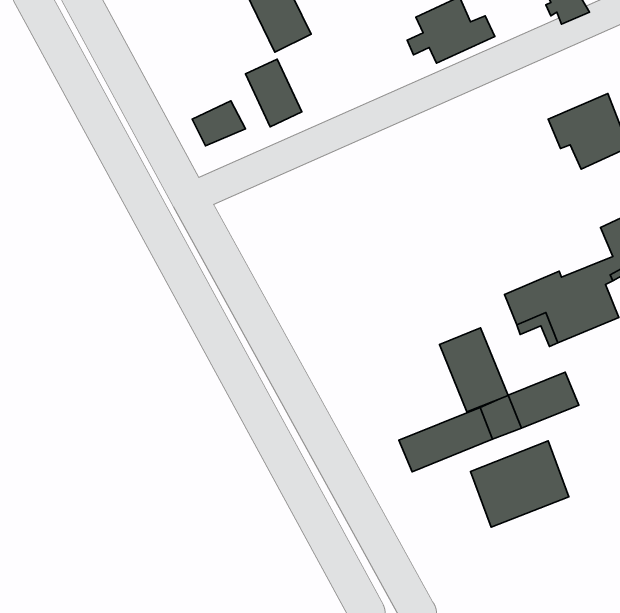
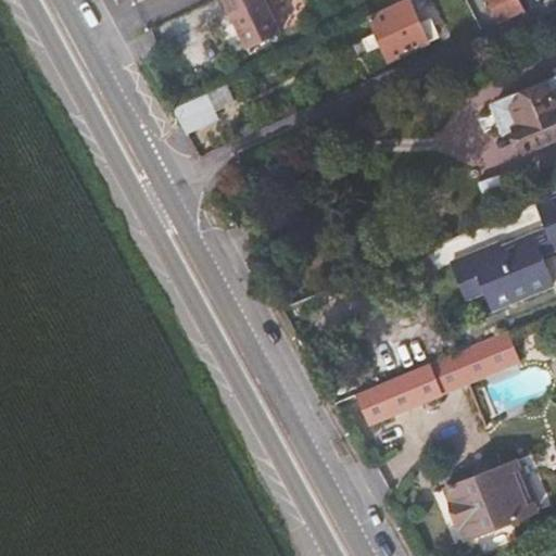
building: [245,59,302,127] -> none
building: [439,328,508,412] -> none
building: [470,441,569,527] -> [446,464,534,541]

